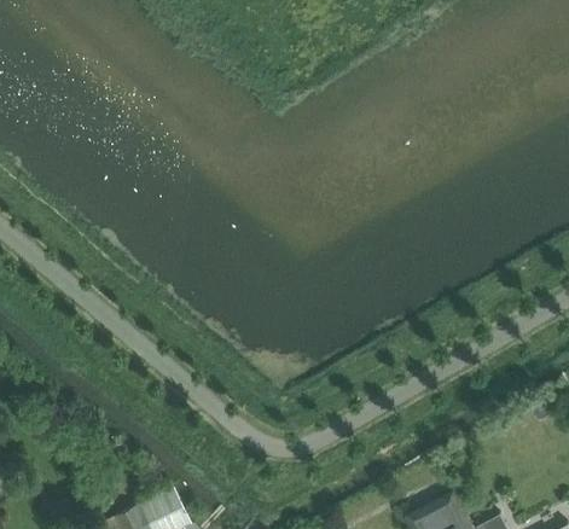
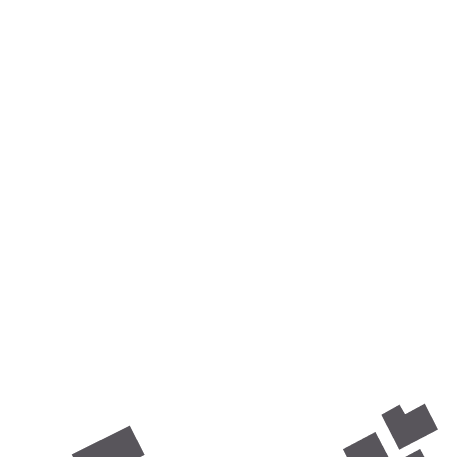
building: none -> [380,402,439,451]

